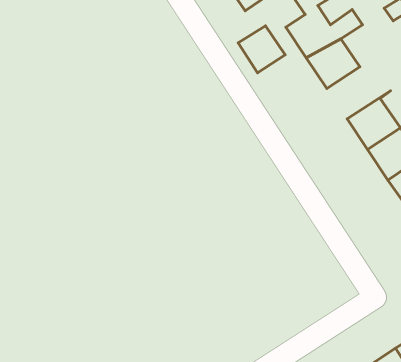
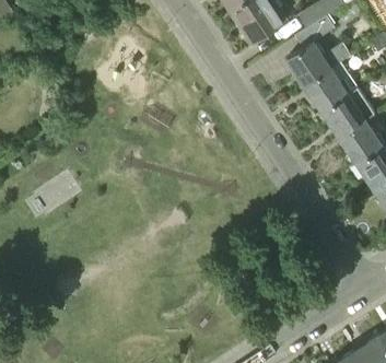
building: [238,26,285,73] -> none
building: none -> [320,87,375,137]

